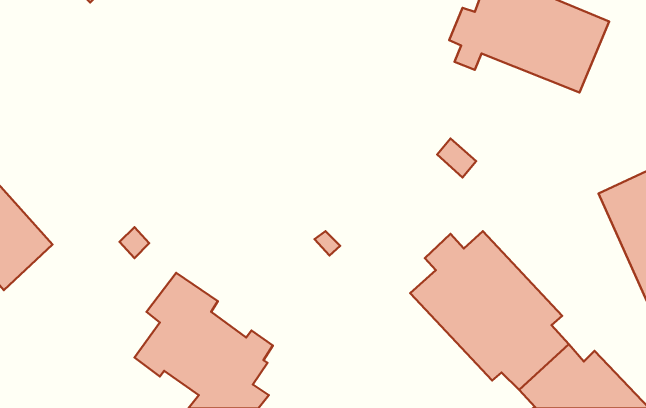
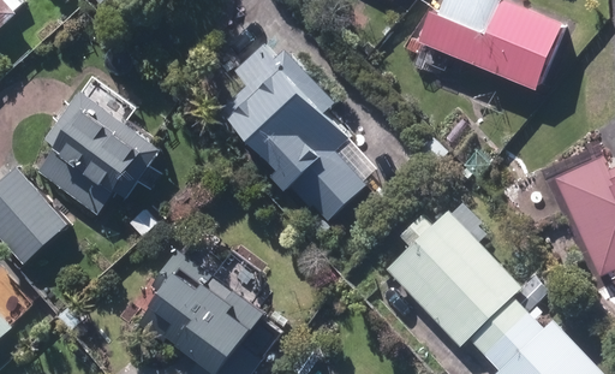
building: none -> [222,42,365,220]
building: none -> [37,90,160,214]

